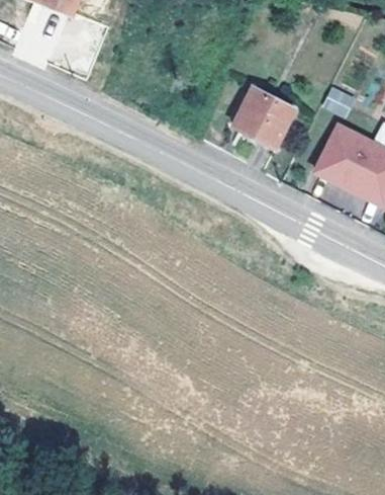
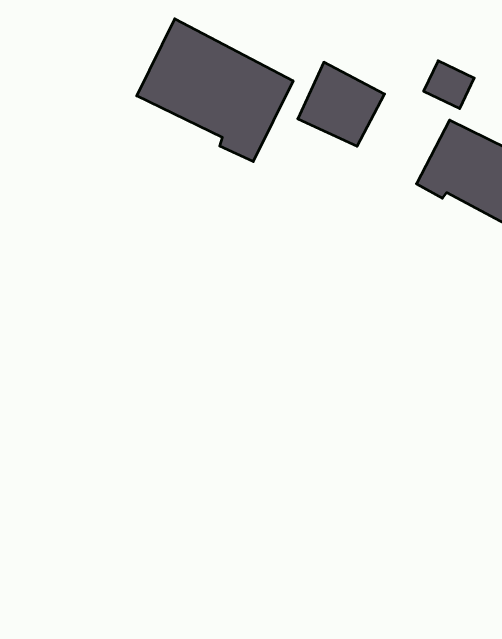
building: none -> [137,19,293,162]

